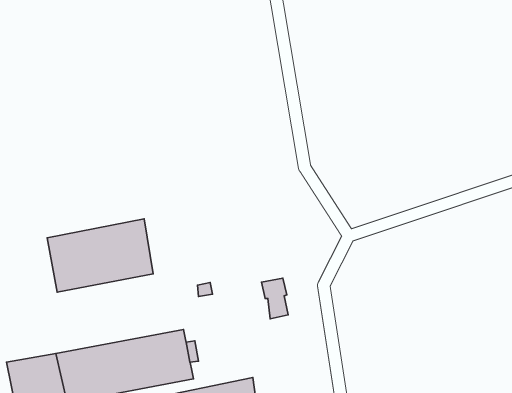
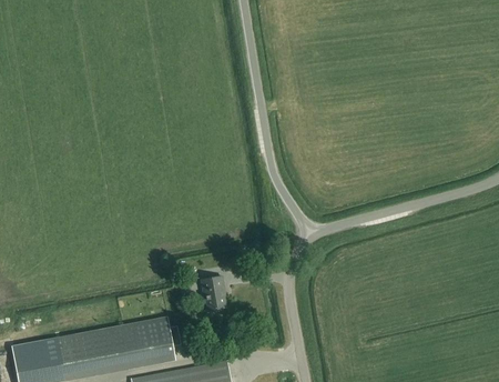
building: [47,219,153,292] -> none
building: [261,278,288,319] -> [201,278,224,313]

